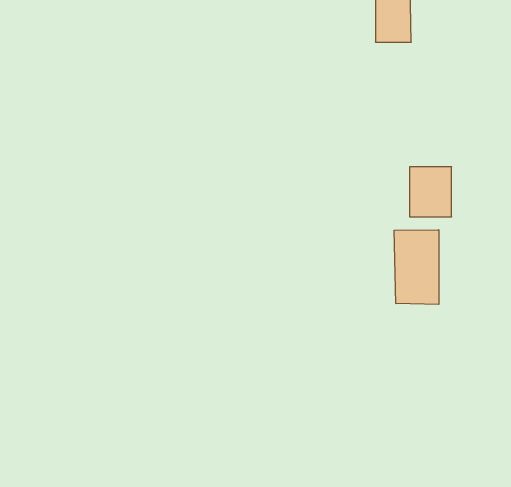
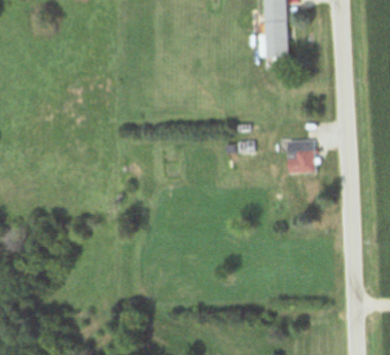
building: [394,230,439,304] -> none

